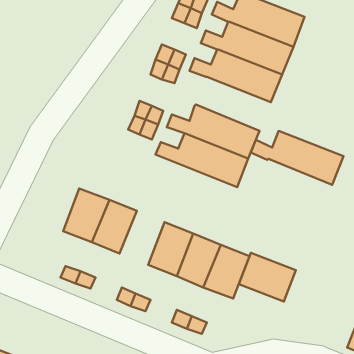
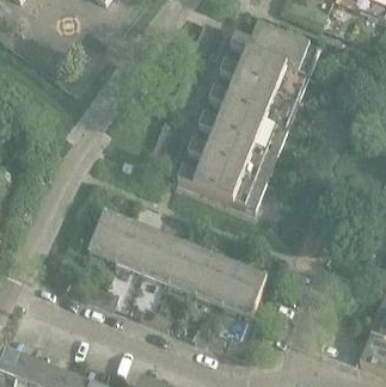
building: [251,131,344,185] -> [197,100,286,152]
building: none -> [141,228,184,280]
building: [239,253,296,302] -> none

